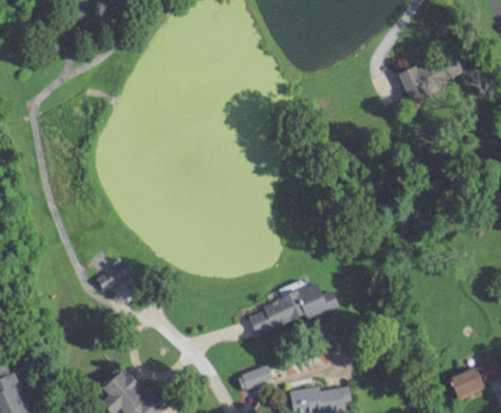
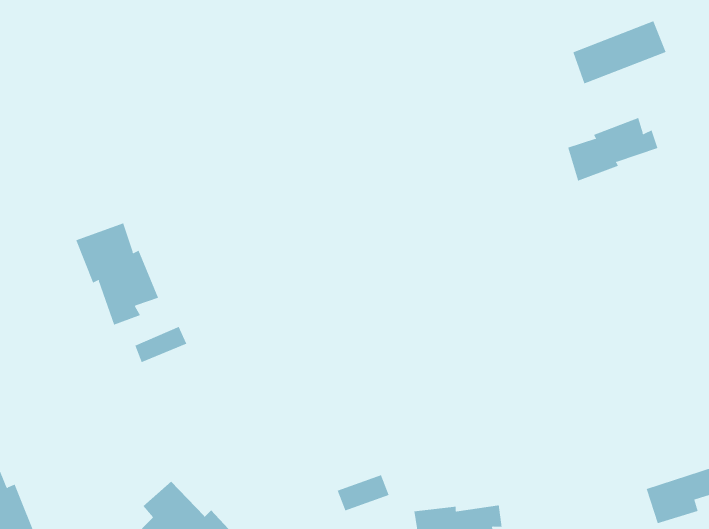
building: none -> [567,117,658,181]
building: none -> [75,223,159,325]
building: [246,287,338,335] -> none

